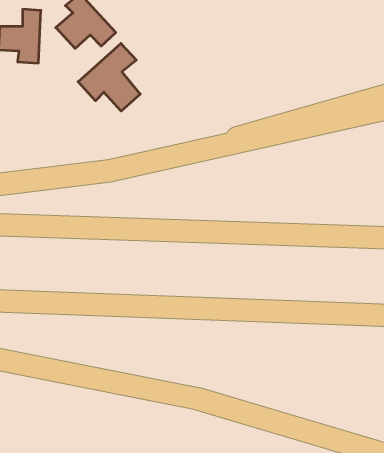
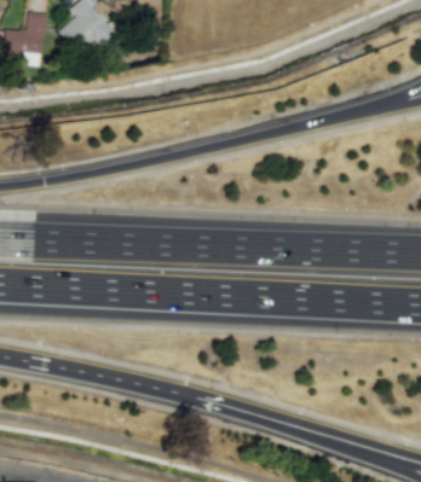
building: [78,43,140,111] -> none

